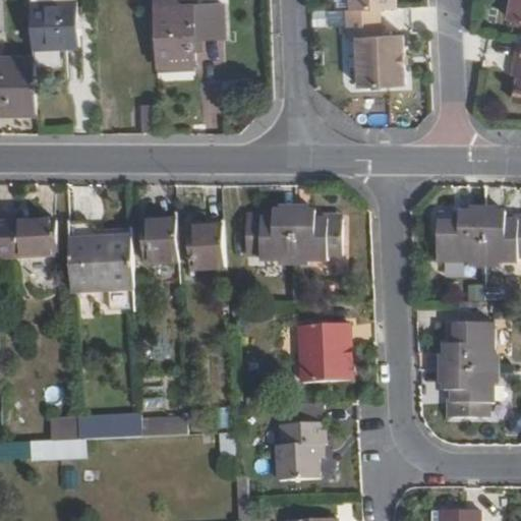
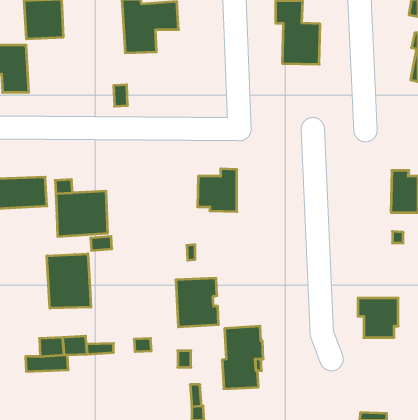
building: [293,210,342,262] -> none
building: [437,211,484,263] -> none
building: [141,219,178,264] -> none
building: [187,225,225,270] -> none
building: none -> [47,254,91,308]
building: [443,322,494,368] -> none
building: [298,323,351,383] -> [176,278,219,327]

